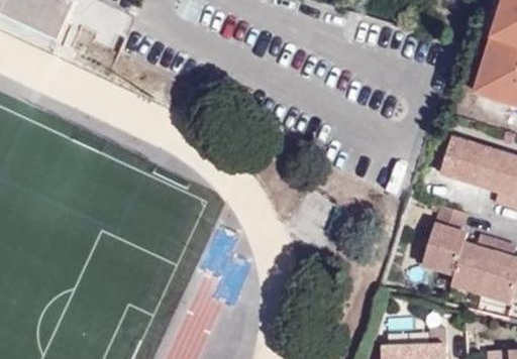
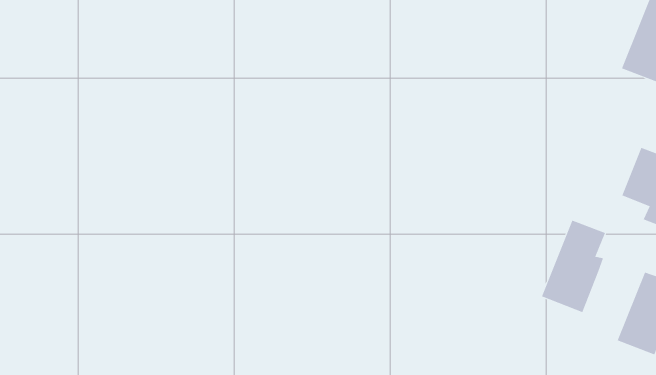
building: [443,135,493,184] -> none
building: [454,234,502,293] -> none

